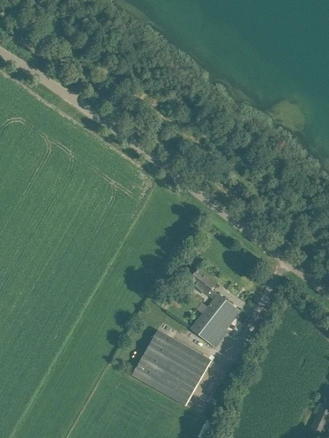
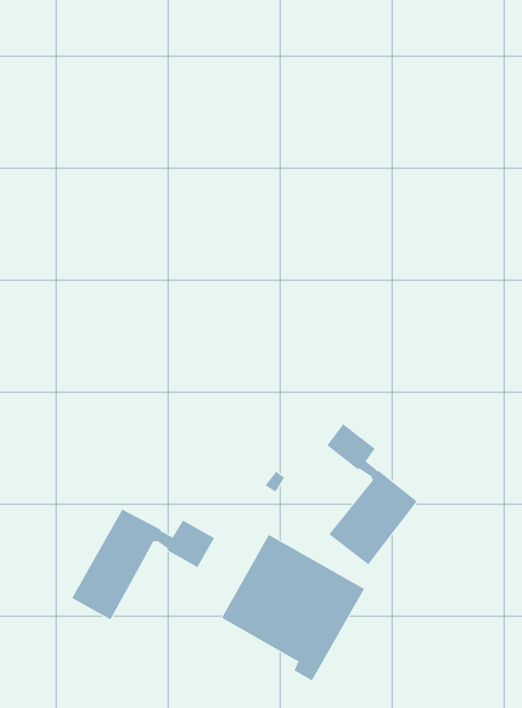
building: none -> [71,509,215,620]

